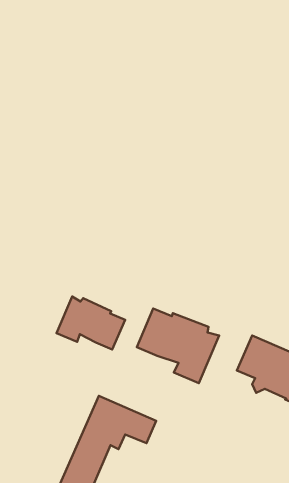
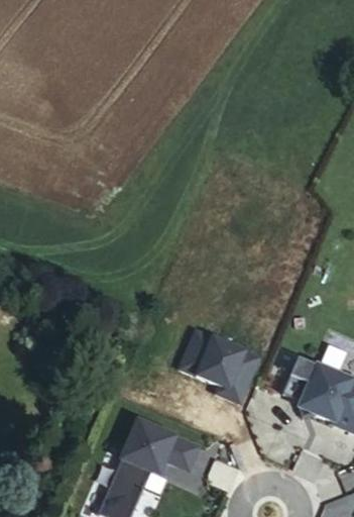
building: [57,297,125,350] -> none
building: none -> [165,449,213,492]

